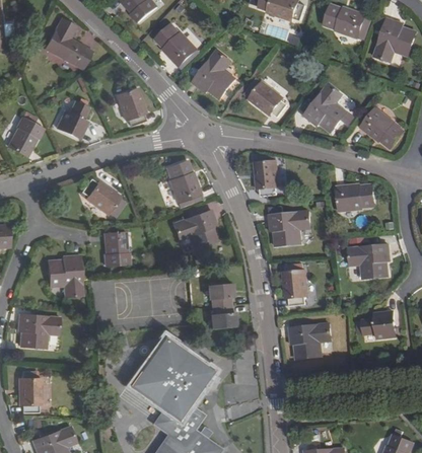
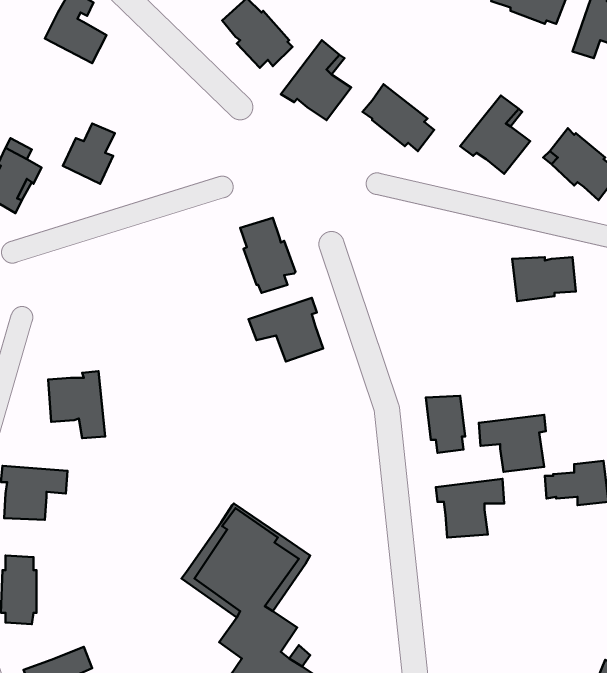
building: [117,88,146,126] -> none
building: [255,161,278,196] -> none
building: [80,178,124,217] -> none
building: [268,211,310,246] -> none
building: [103,232,129,267] -> none
building: [348,243,390,279] -> [479,415,546,472]
building: [207,283,235,329] -> none

